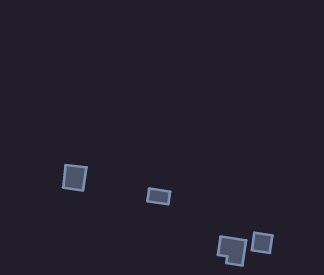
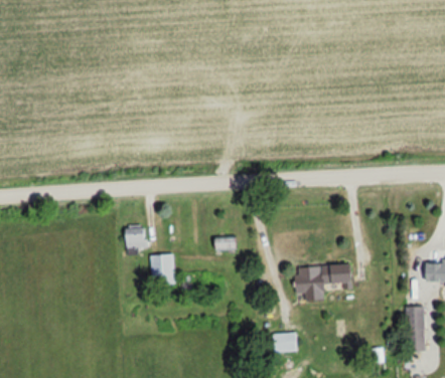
building: none -> [150,254,174,286]

